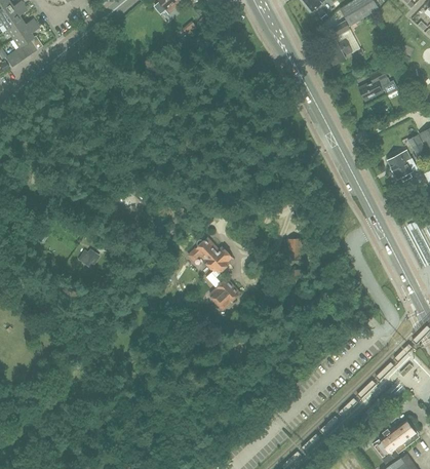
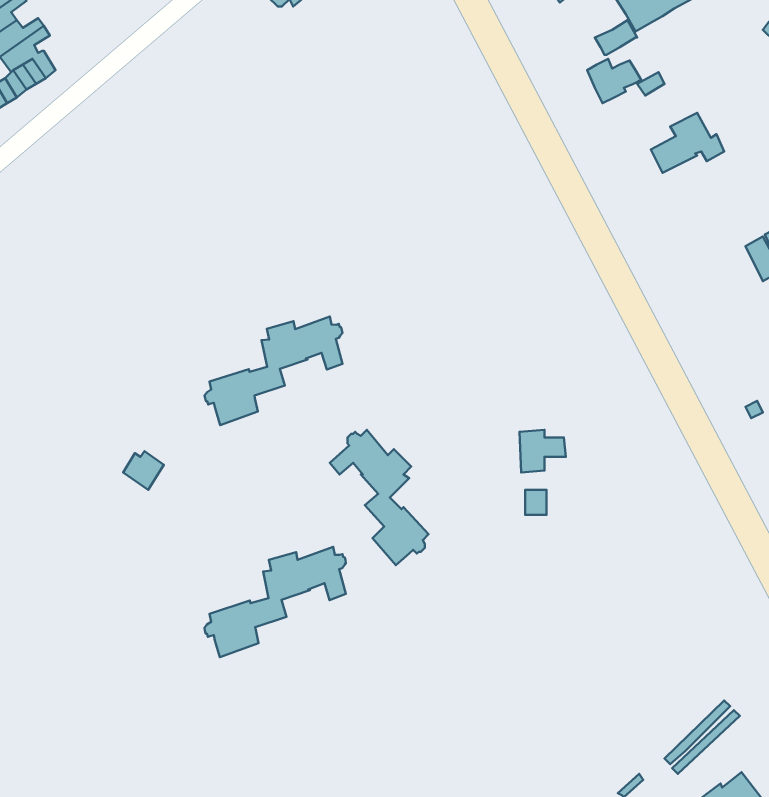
building: [387,149,412,180] -> none
building: none -> [205,317,343,425]
building: none -> [204,547,346,657]

